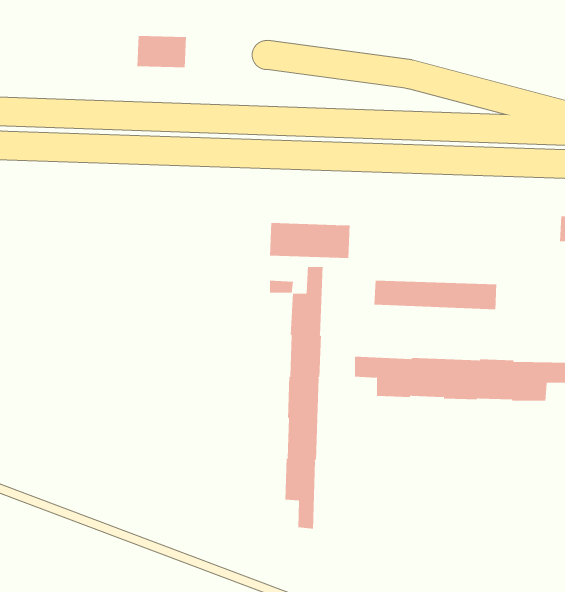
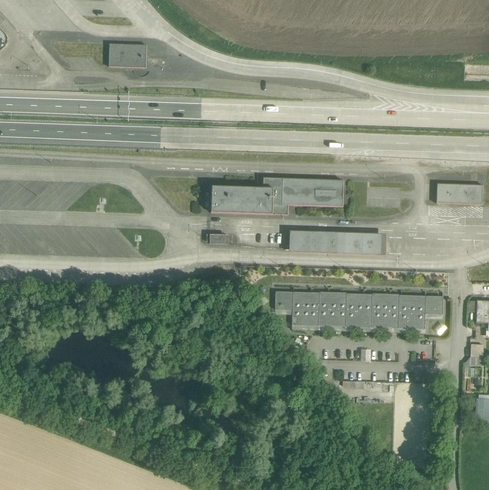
building: none -> [262,179,343,217]
building: [285,266,323,529] -> none

